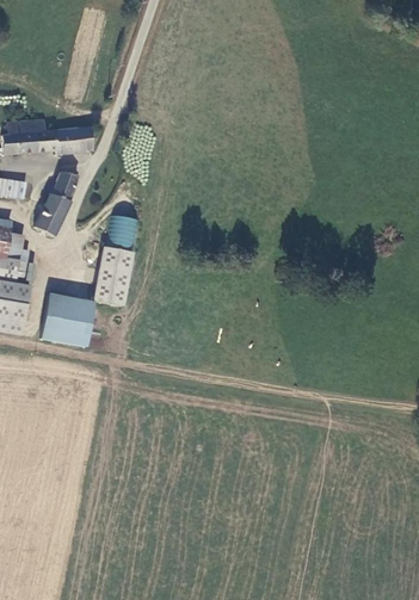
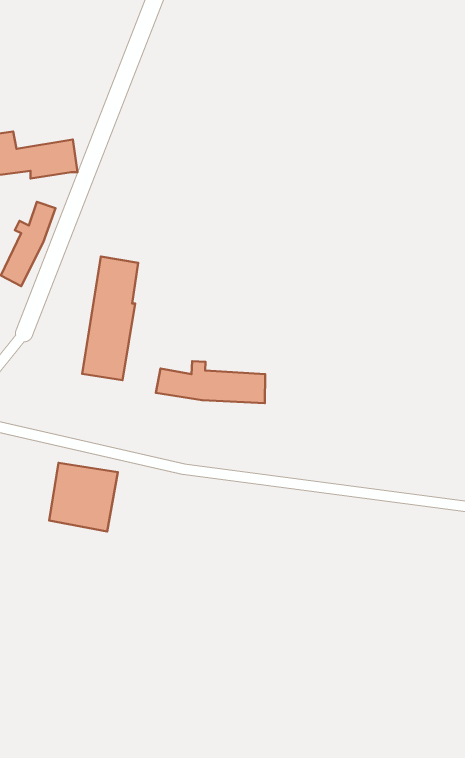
building: none -> [156,361,265,403]
building: [39,295,92,347] -> [49,463,118,531]

